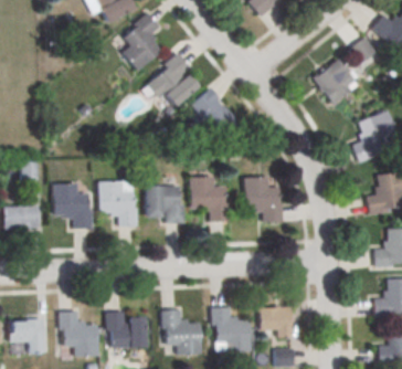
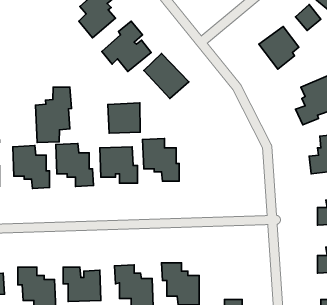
building: none -> [36,87,71,143]
building: none -> [108,103,140,133]
building: [244,177,284,222] -> none
building: [260,307,293,337] -> none

